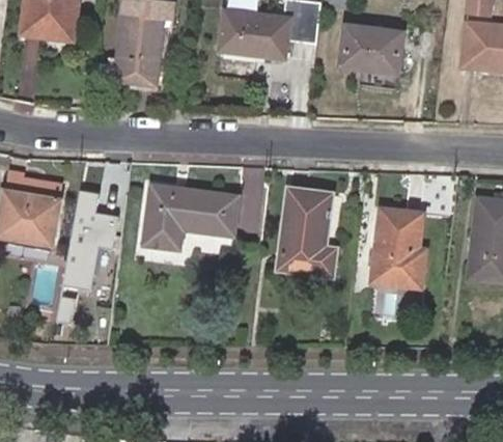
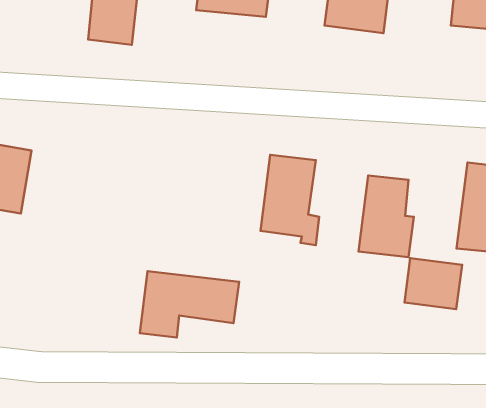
building: [144,186,239,249] -> [140,271,239,337]
building: [63,192,118,289] -> none
building: none -> [404,258,462,309]

